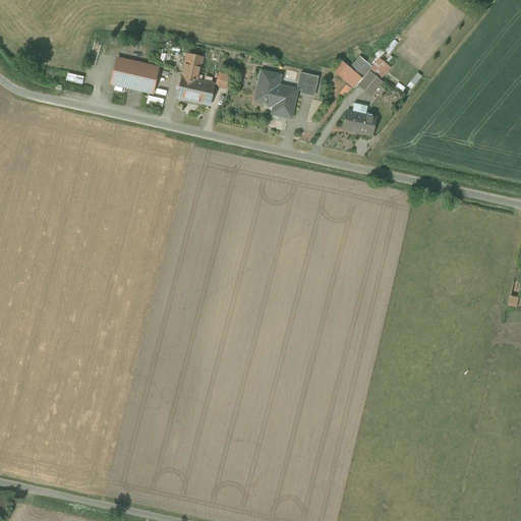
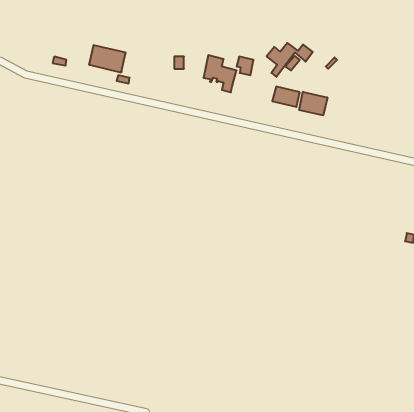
building: [177,53,214,104] -> none
building: none -> [299,92,327,115]

